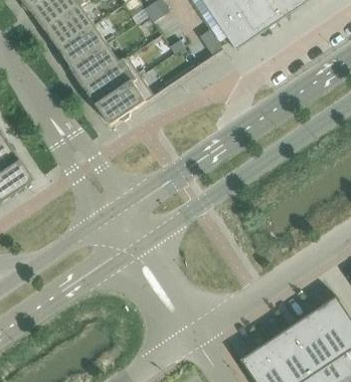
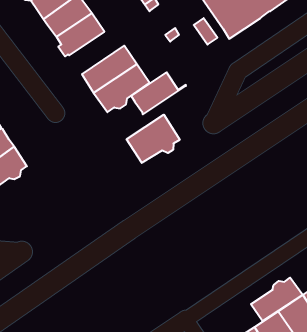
building: [72,42,129,85] -> [131,72,186,114]
building: none -> [127,115,180,163]
building: none -> [251,278,303,321]

